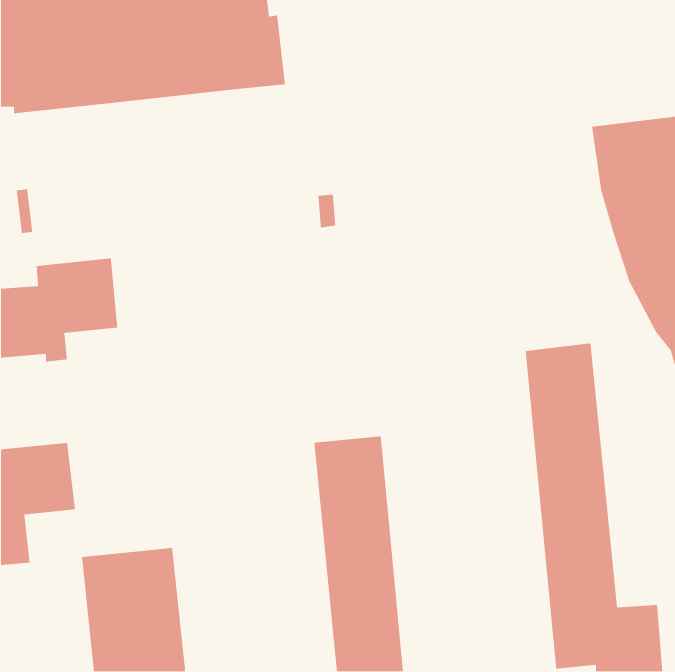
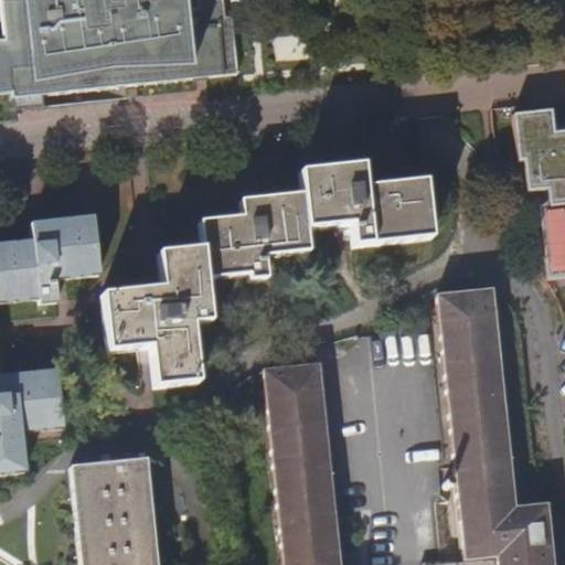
building: none -> [104,162,431,385]

